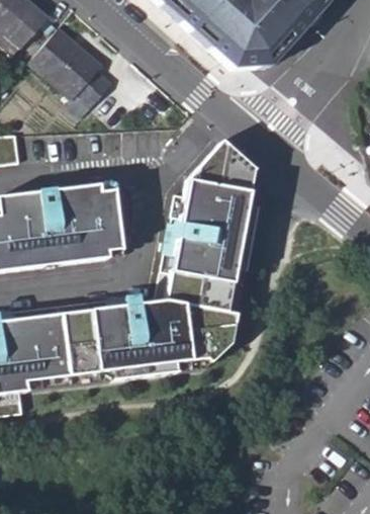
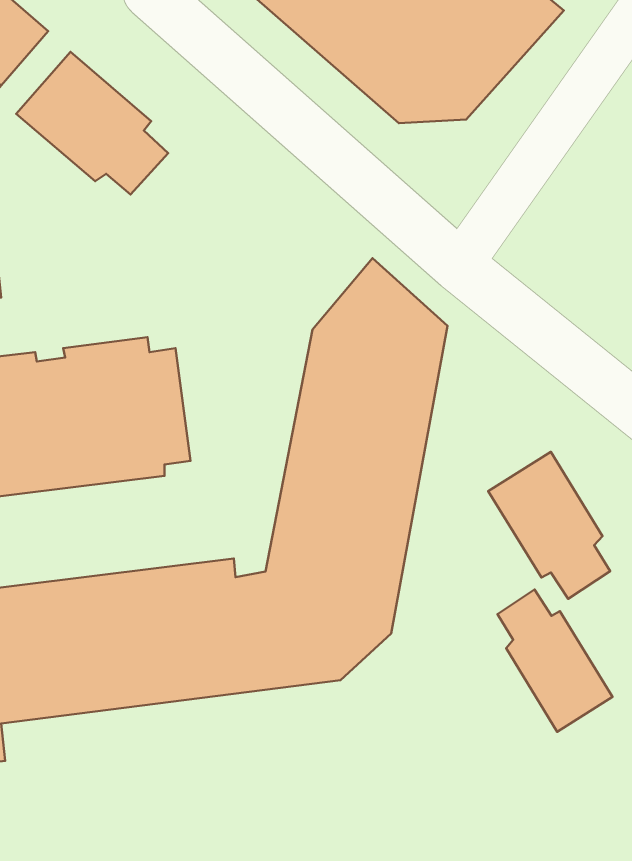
building: none -> [488,452,610,599]
building: none -> [497,590,613,732]

